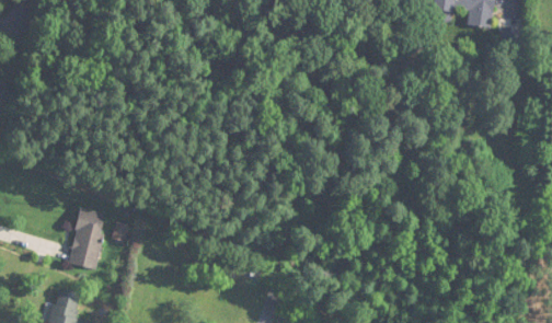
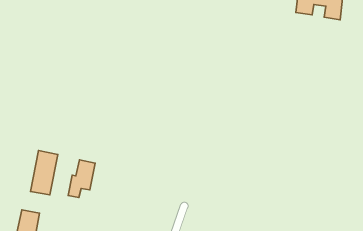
building: none -> [68,160,95,198]

